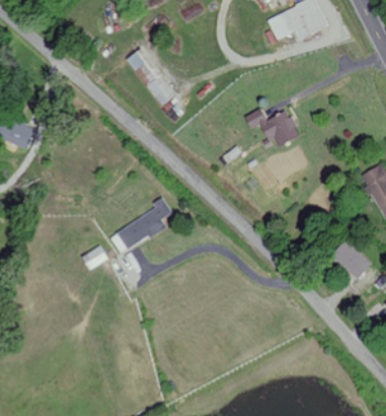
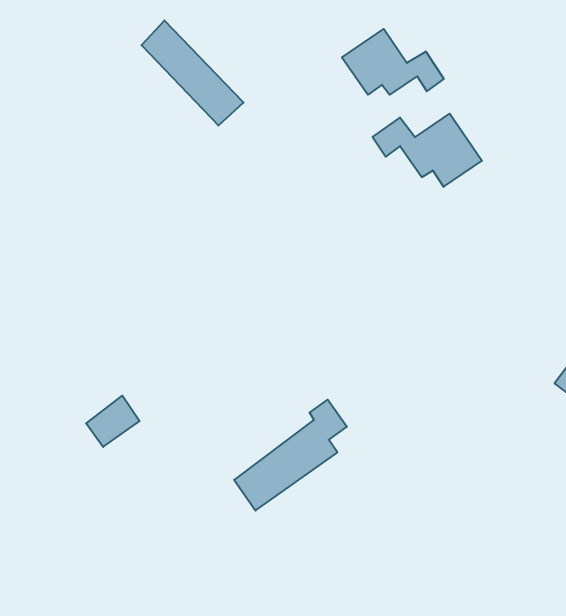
building: none -> [342,29,444,95]
building: [110,198,172,254] -> [234,400,347,511]

